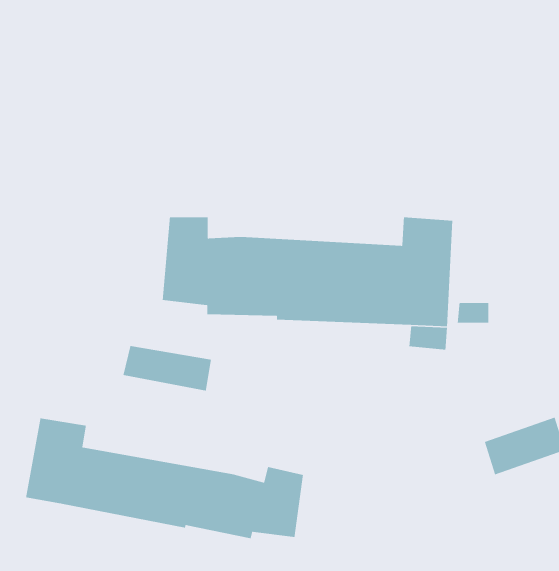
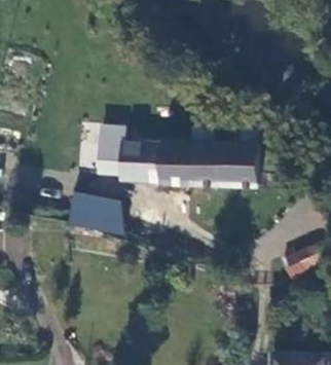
building: [25,417,304,539] -> none

